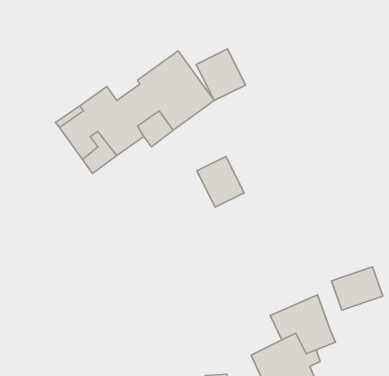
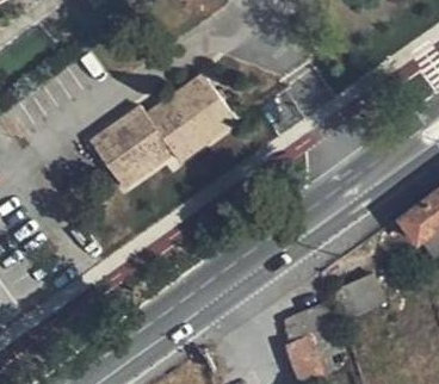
building: [196,49,246,101] -> none
building: [197,157,244,207] -> none

